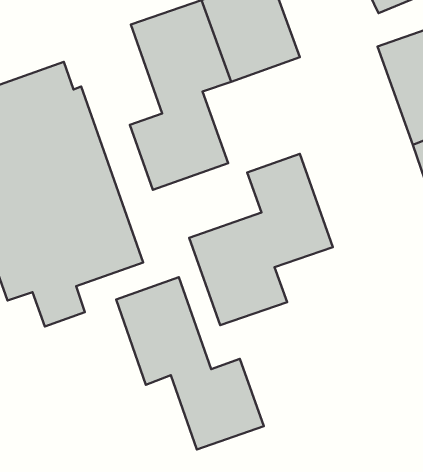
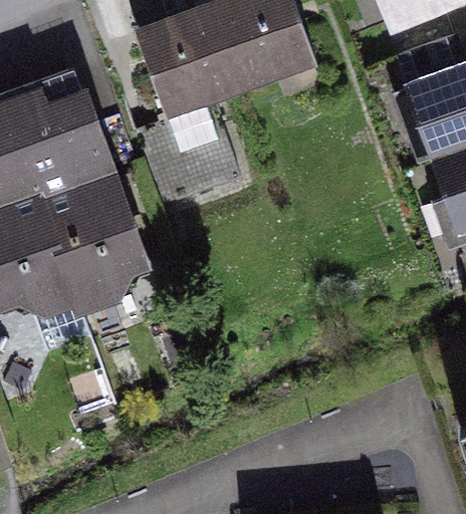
building: [189,154,333,325] -> none
building: [116,277,264,450] -> none

